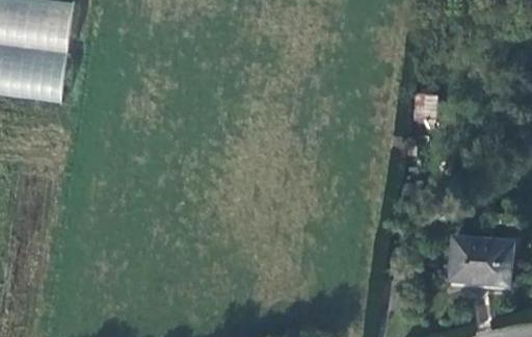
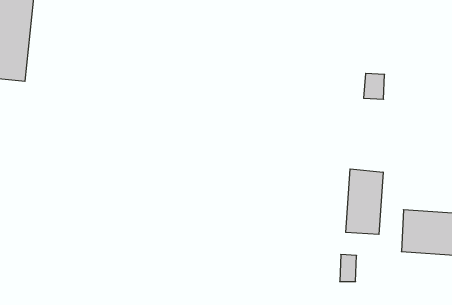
building: none -> [346,169,383,234]

